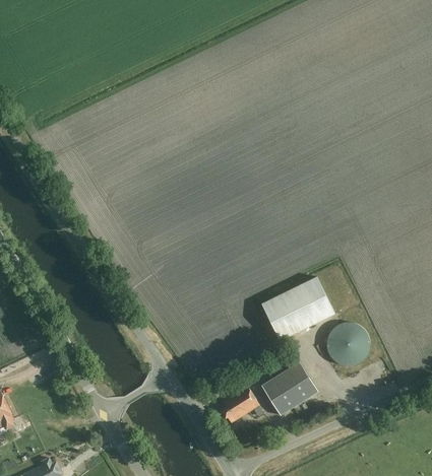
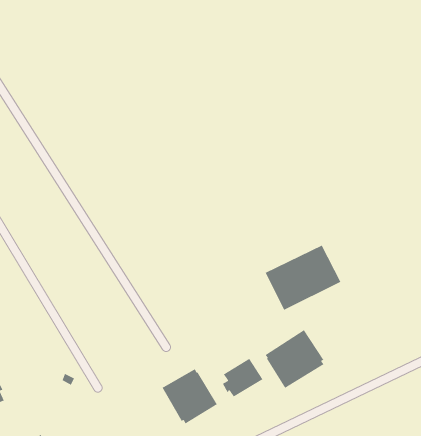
building: [326,323,370,366] -> none
building: none -> [161,368,218,424]

